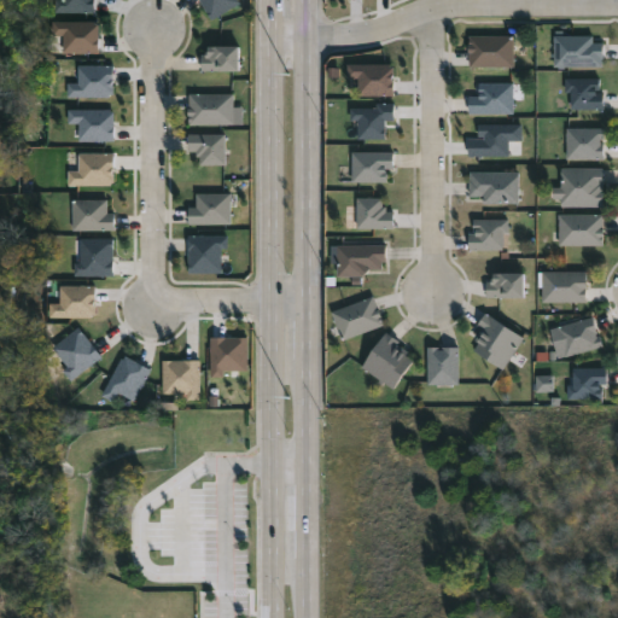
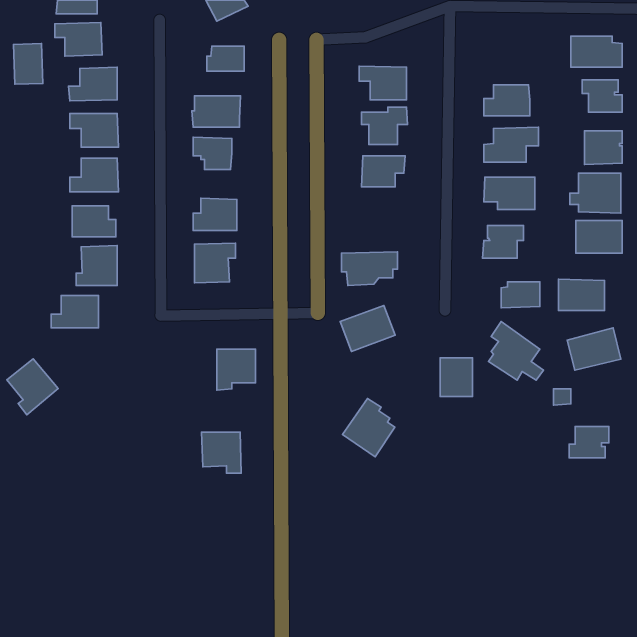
building: [466,35,513,66] -> none
building: none -> [14,44,43,84]
building: [355,197,392,228] -> none
building: [52,327,101,381] -> [7,359,58,415]
building: [361,332,412,389] -> [343,398,395,457]
building: [103,355,151,403] -> none
building: [162,361,200,401] -> [201,432,241,473]
building: [566,368,605,398] -> [569,427,609,458]

